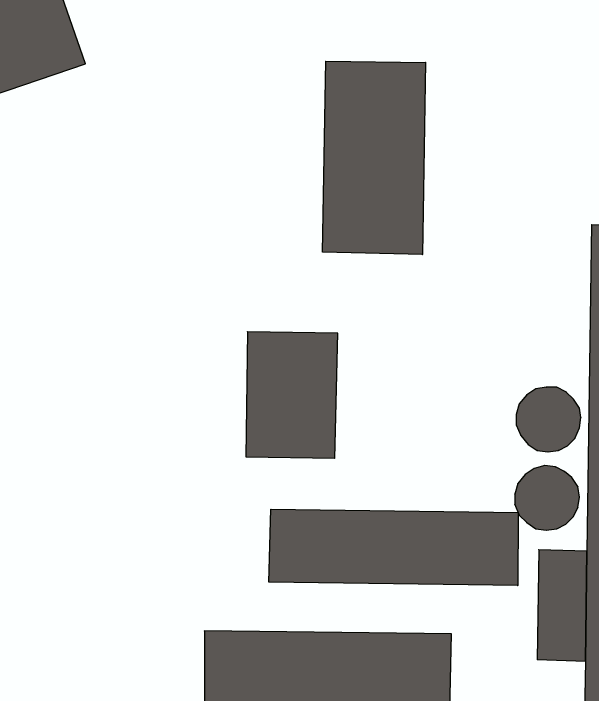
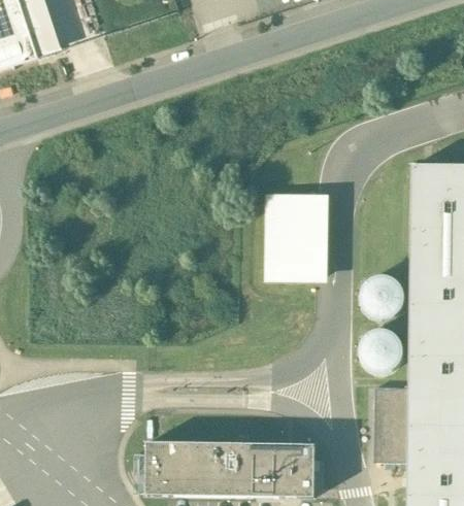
building: [323,61,426,255] -> none
building: [246,332,338,458] -> [264,194,327,280]
building: [269,509,518,586] -> none

